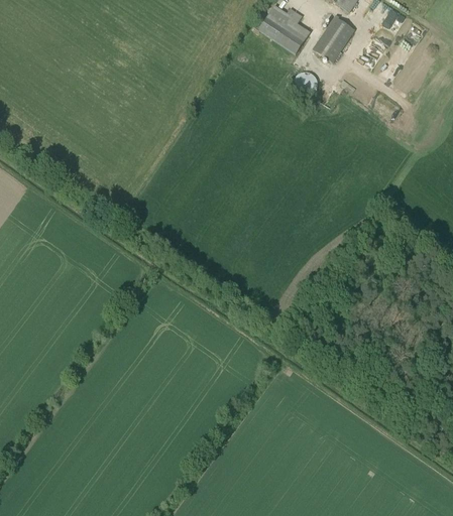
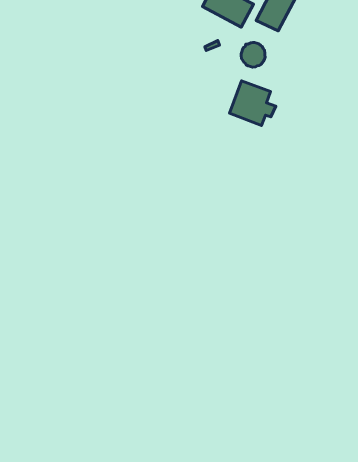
building: none -> [230,81,276,125]

